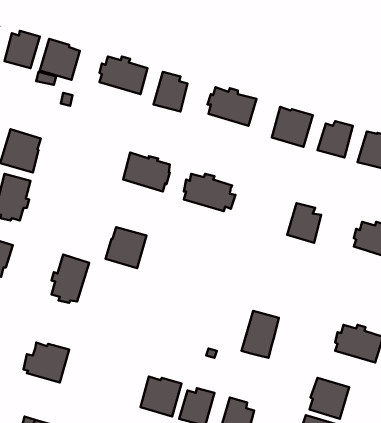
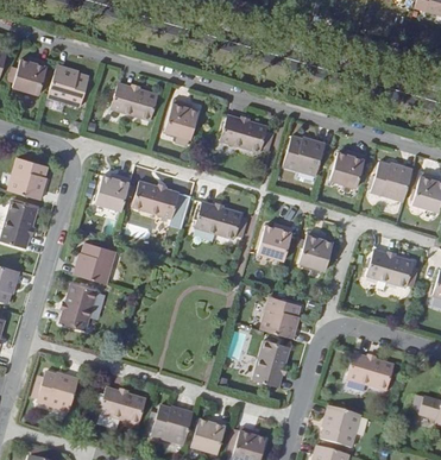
building: none -> [96,172,132,210]
building: none -> [259,223,294,261]
building: [106,227,147,268] -> [75,242,116,284]
building: none -> [262,297,303,339]
building: none -> [97,389,146,427]

